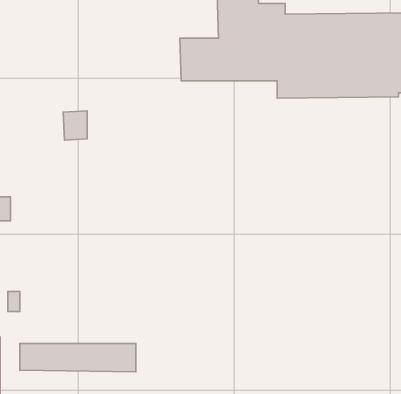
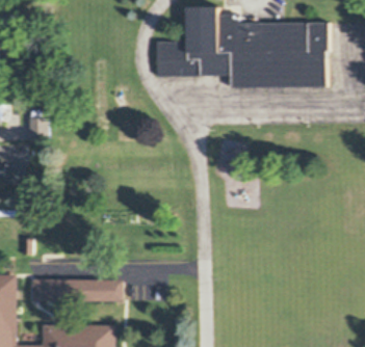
building: [63,111,87,140] -> [27,117,46,140]

